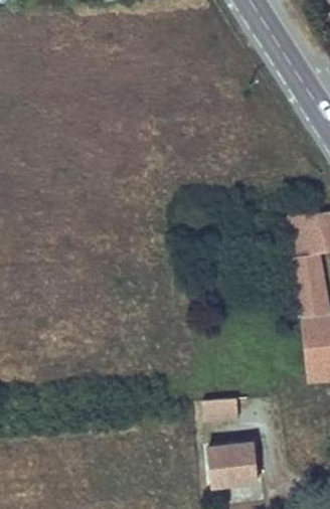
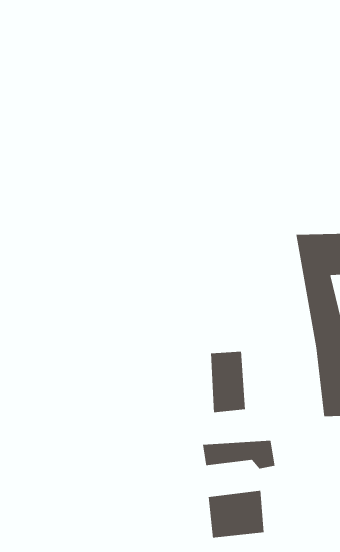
building: none -> [210,351,245,413]

